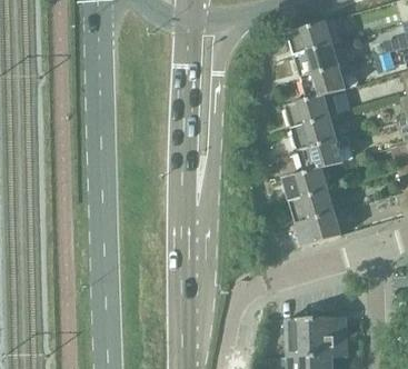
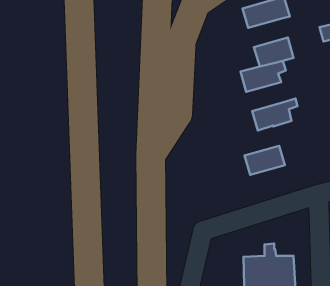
building: [292,44,338,78] -> none
building: [290,118,336,151] -> none
building: [281,168,328,202] -> none
building: [295,213,341,247] -> none

